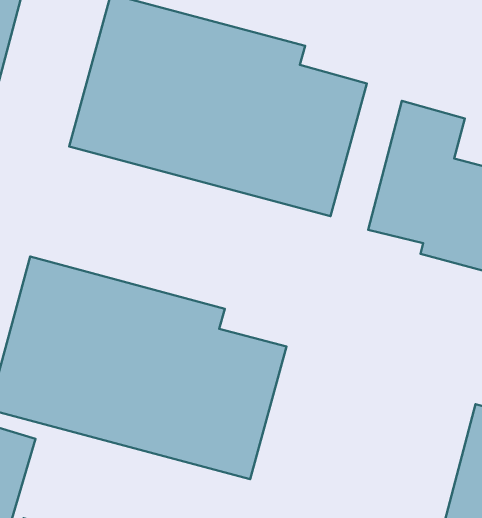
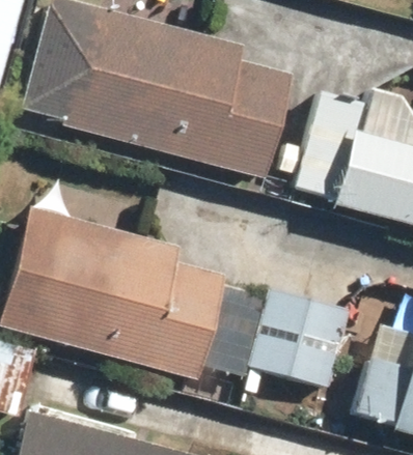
building: none -> [246,286,347,388]

